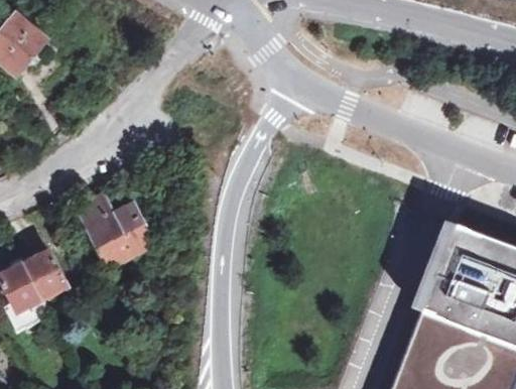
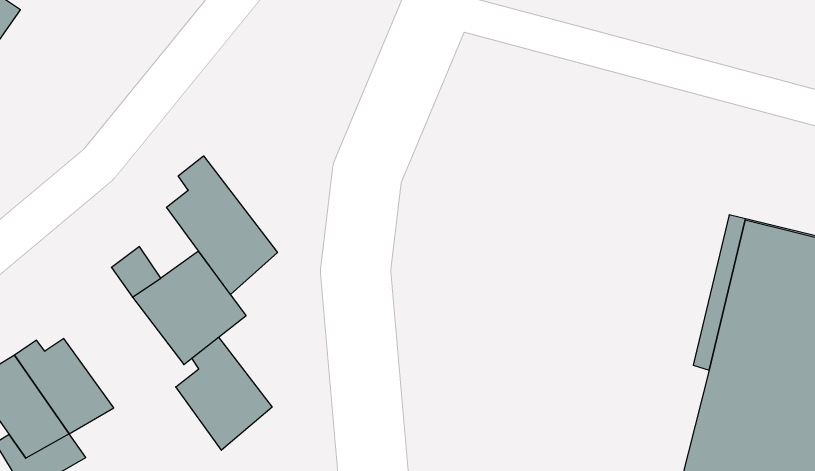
building: none -> [167,156,277,295]
building: none -> [176,337,272,450]

